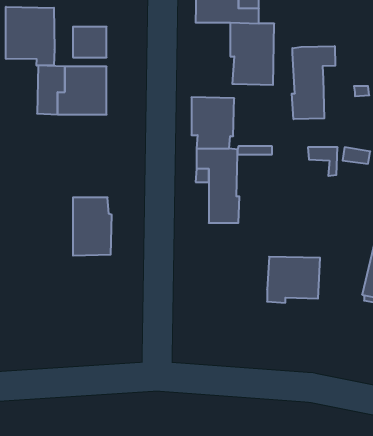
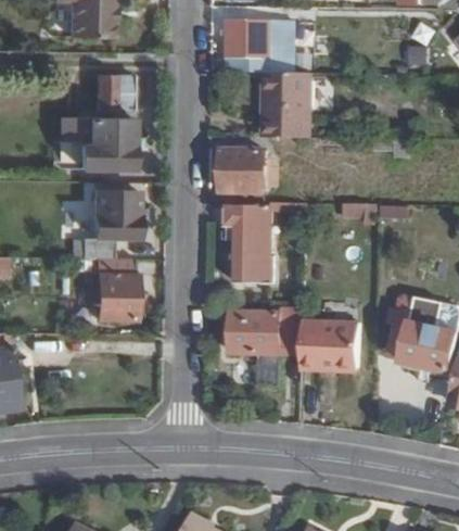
building: [6,7,54,66] -> none
building: [292,46,335,119] -> none
building: none -> [63,189,136,256]
building: none -> [226,305,303,385]

